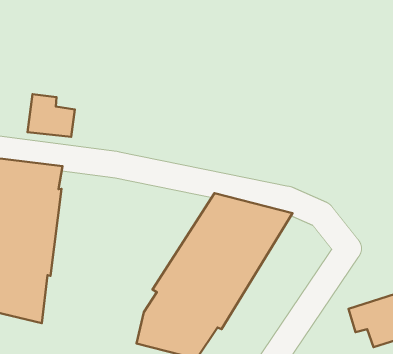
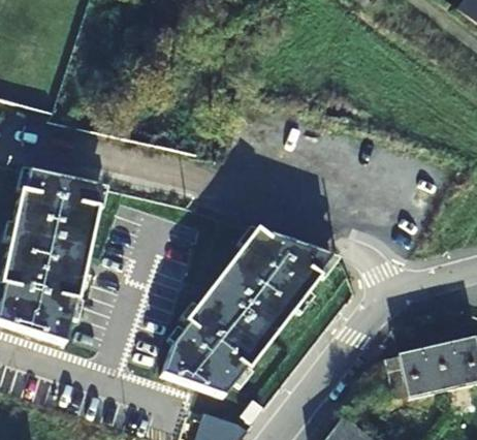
building: [27,94,75,137] -> none

